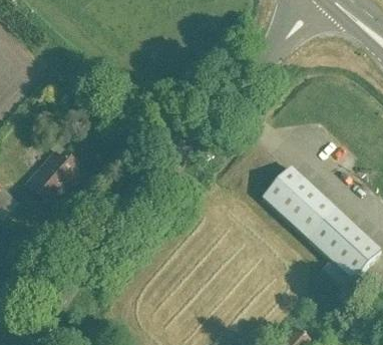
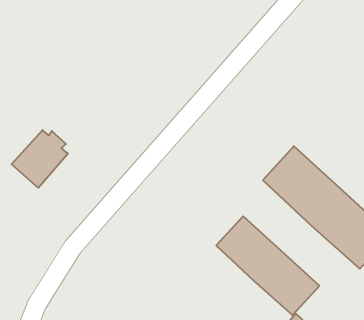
building: none -> [216,216,319,315]

